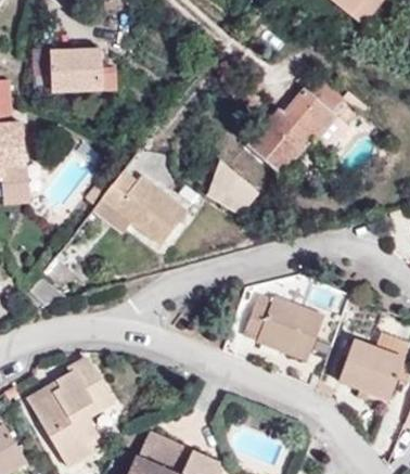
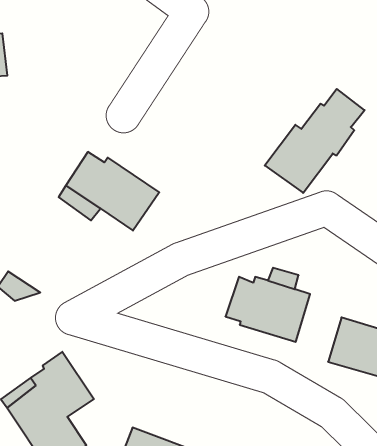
building: [52,49,116,91] -> none
building: [247,77,345,174] -> [265,89,365,193]
building: [205,163,261,216] -> none

